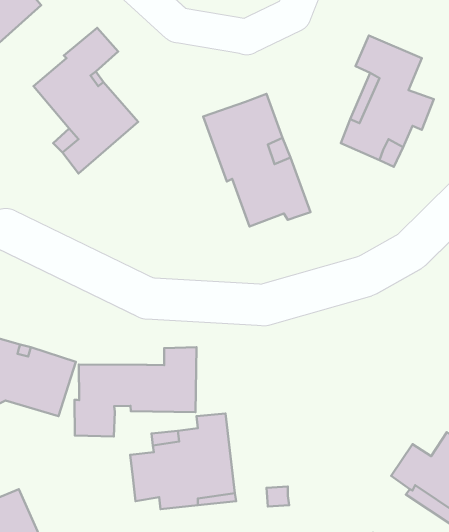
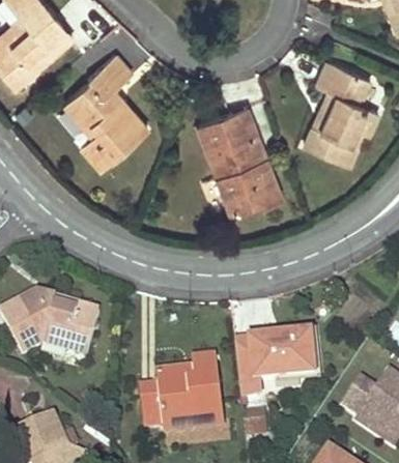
building: [75,347,197,436] -> none
building: none -> [235,334,313,397]

